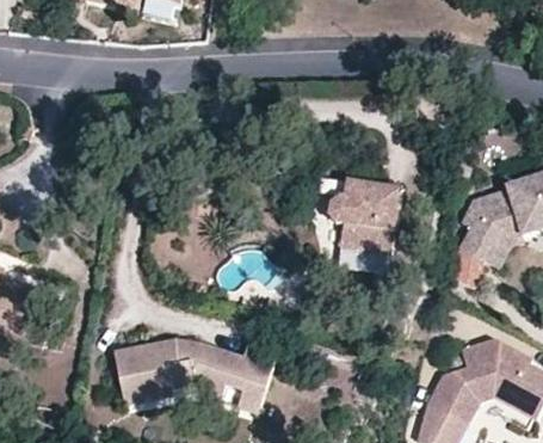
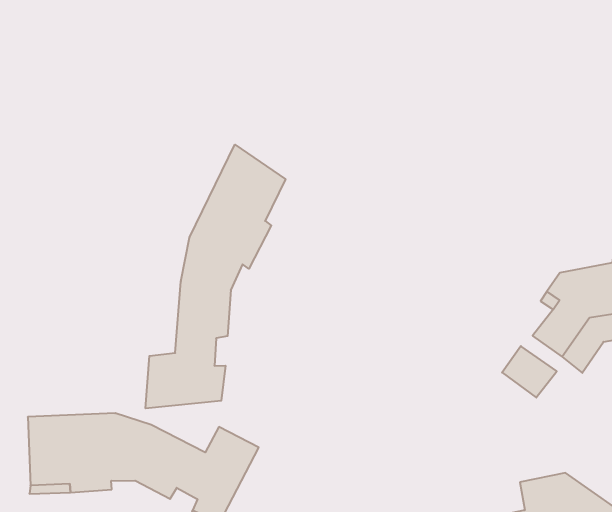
building: none -> [146,145,285,408]
building: [329,181,402,253] -> none

